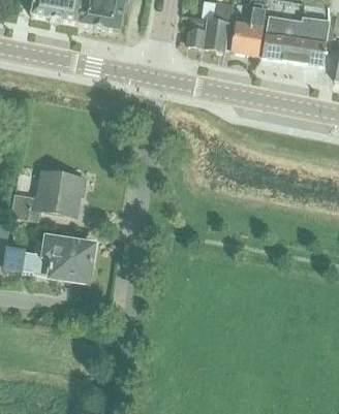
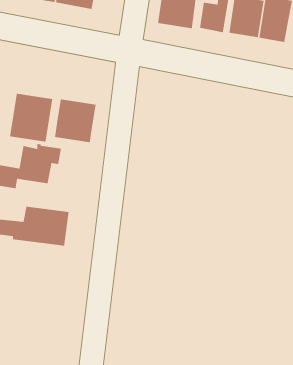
building: none -> [9,93,53,143]
building: none -> [54,98,96,143]

